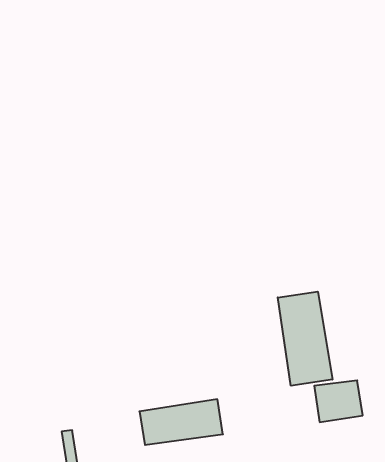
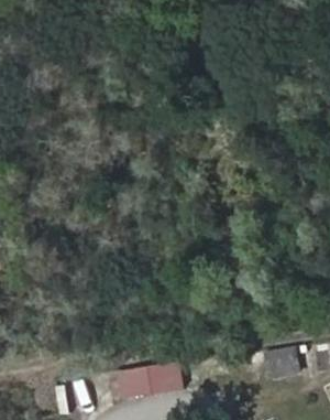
building: [278,292,332,386] -> none

